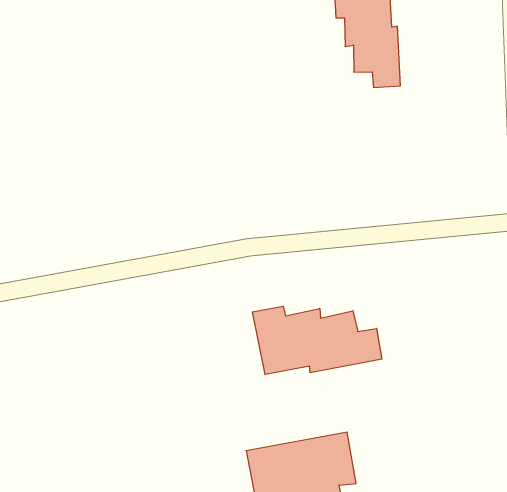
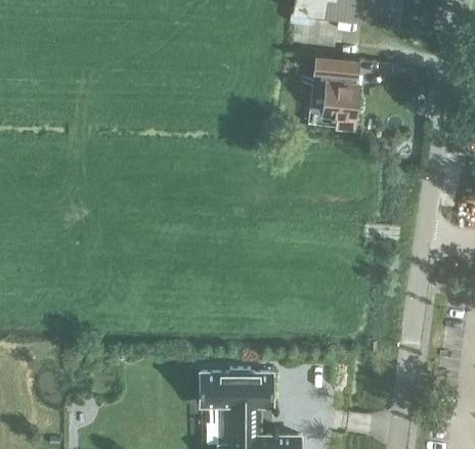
building: [252,306,382,375] -> none

